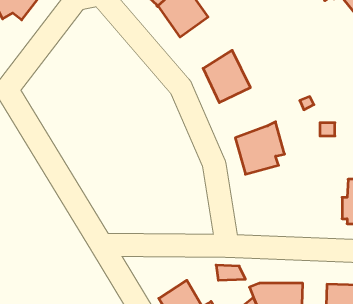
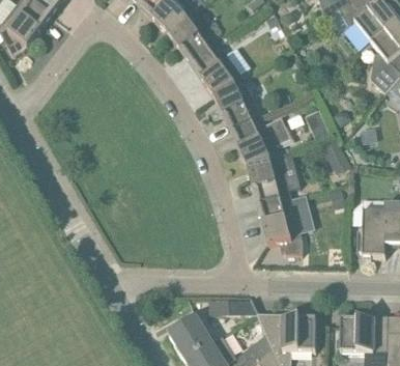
building: none -> [190,44,244,96]
building: none -> [230,115,288,168]
building: none -> [257,196,303,254]

